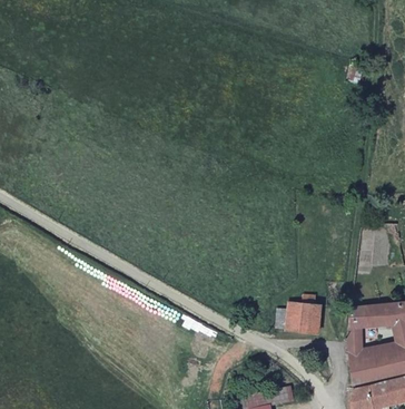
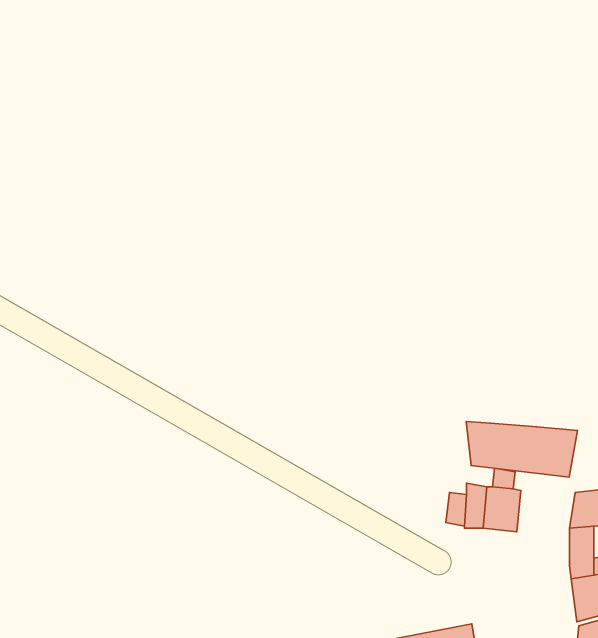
building: none -> [466,422,578,477]

